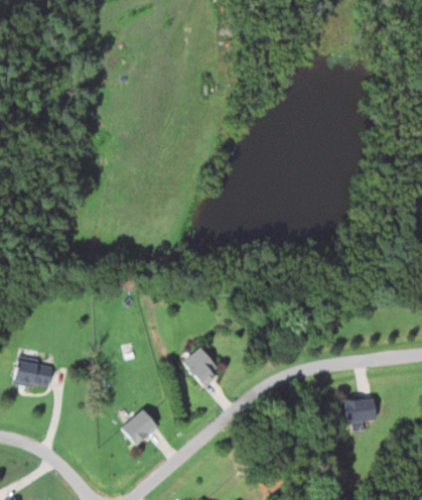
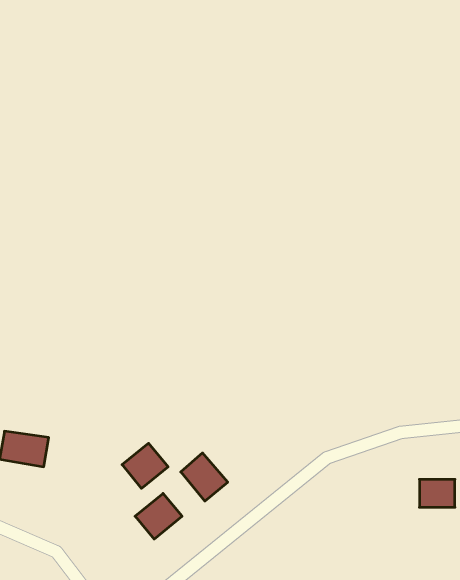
building: [185,347,223,385] -> [181,453,228,501]
building: none -> [122,443,168,488]

